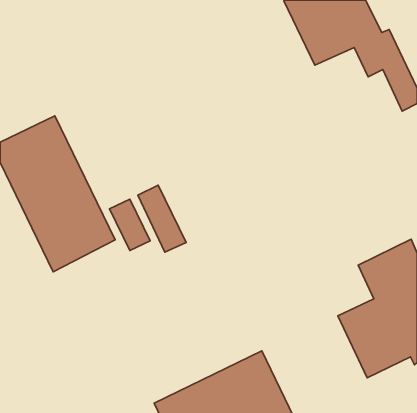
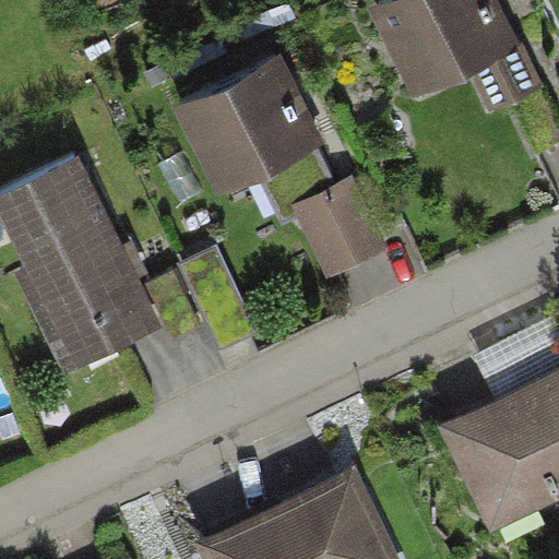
building: none -> [185,59,377,265]

